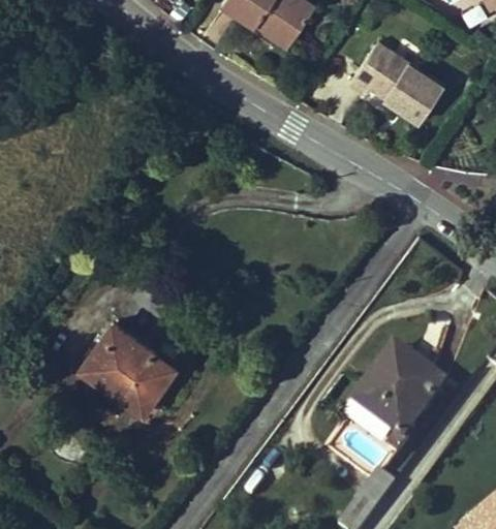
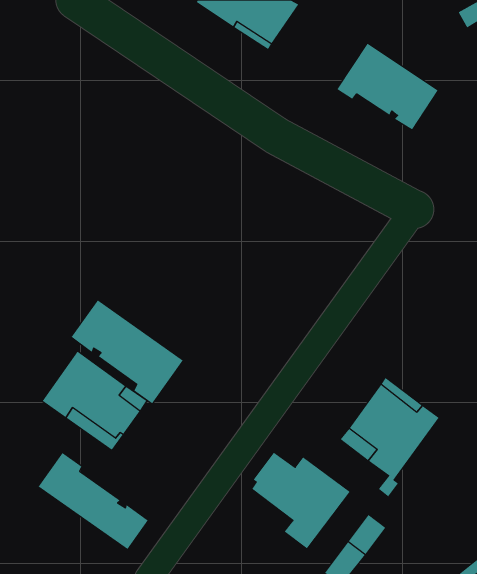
building: none -> [71,300,184,404]
building: none -> [251,452,351,549]
building: none -> [38,452,148,550]

